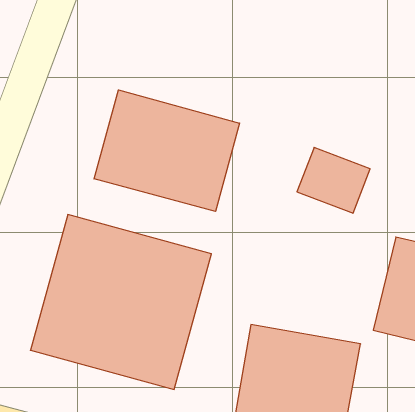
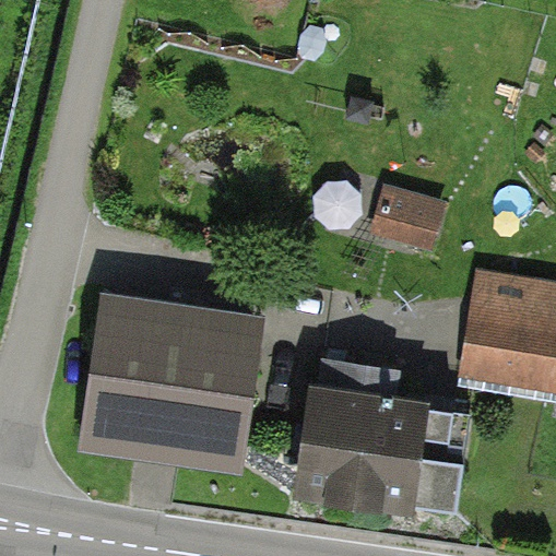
building: [94,90,240,211] -> none

